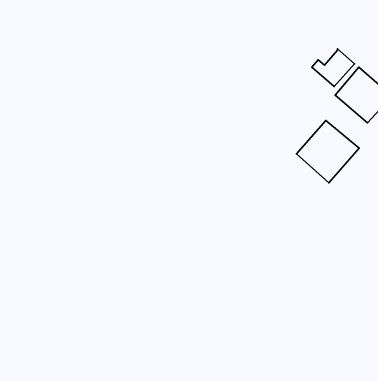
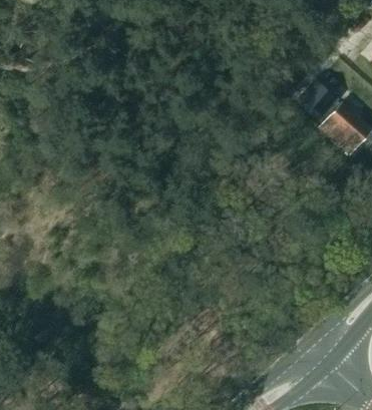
building: [296,120,359,183] -> none

